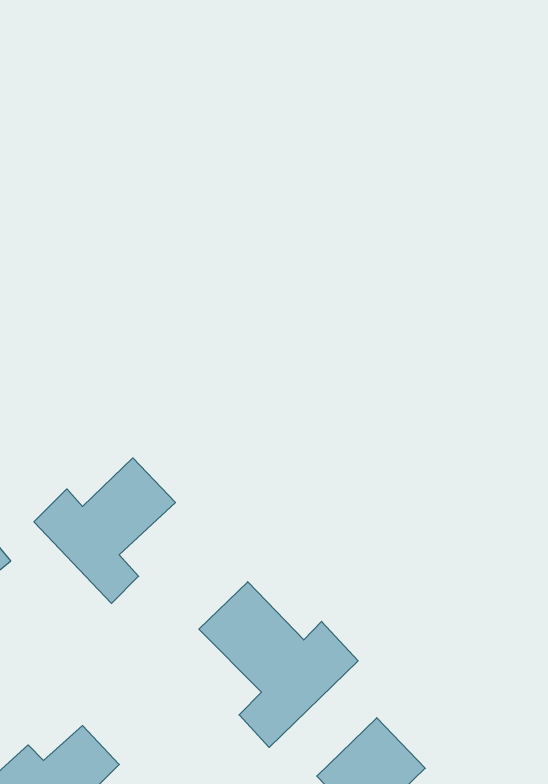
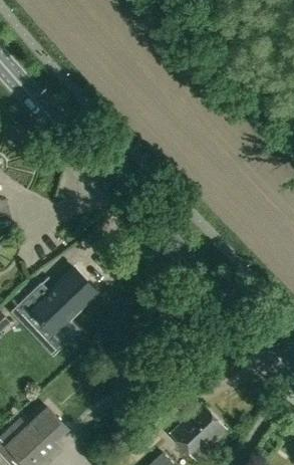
building: [199,582,358,747] -> none

